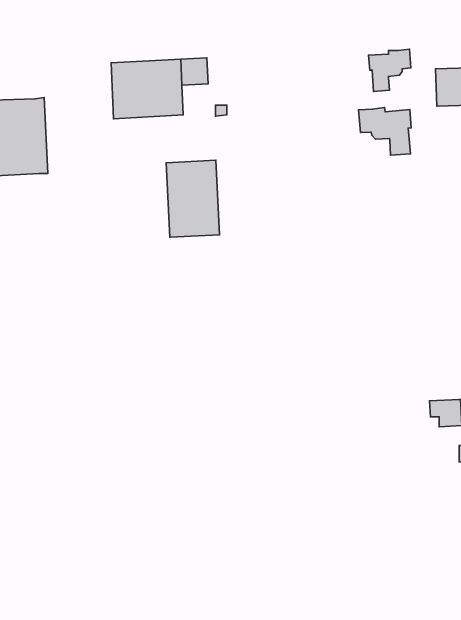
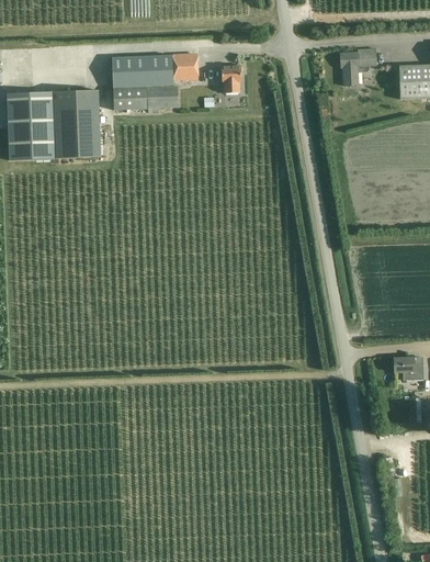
building: none -> [220,64,241,92]
building: [358,107,411,155] -> none
building: [166,160,220,237] -> [54,92,101,160]

